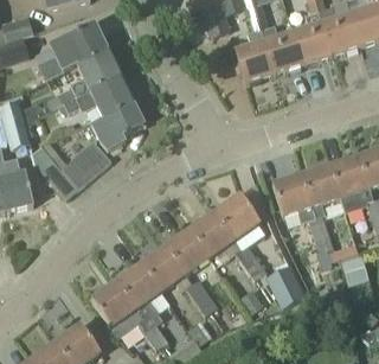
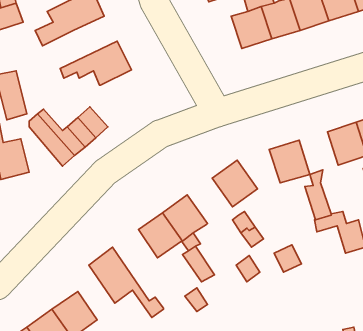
building: [46,50,120,108] -> none
building: [91,103,143,151] -> none
building: [301,165,340,207] -> none
building: [190,211,235,256] -> none
building: [115,262,176,340] -> none

